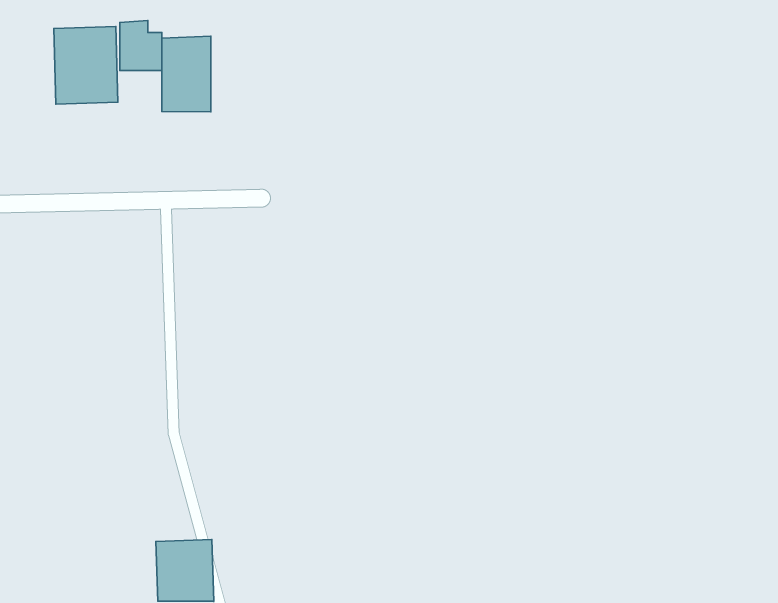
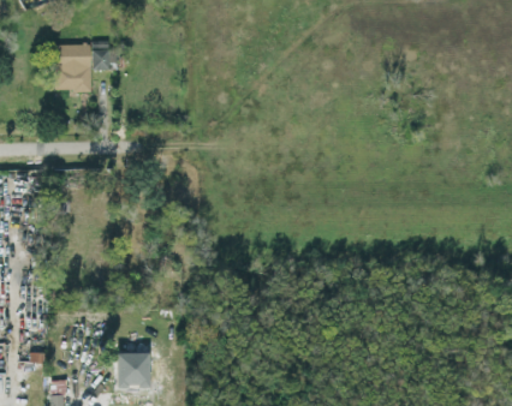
building: [162,36,211,112] -> none

